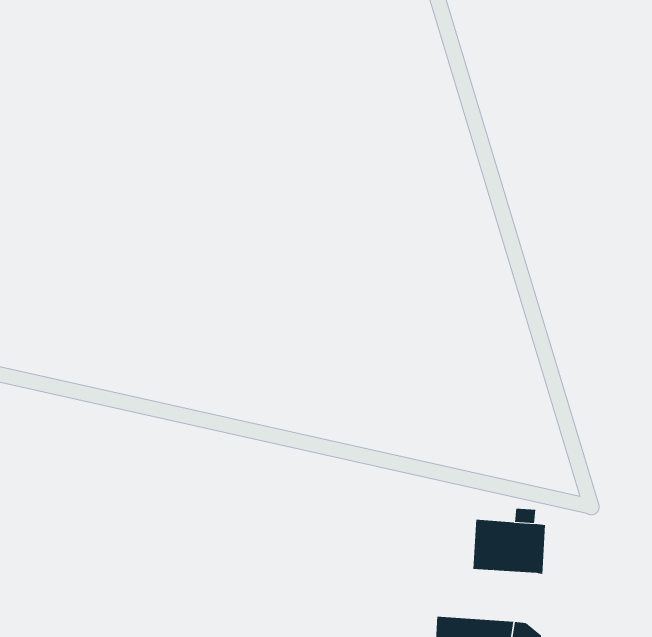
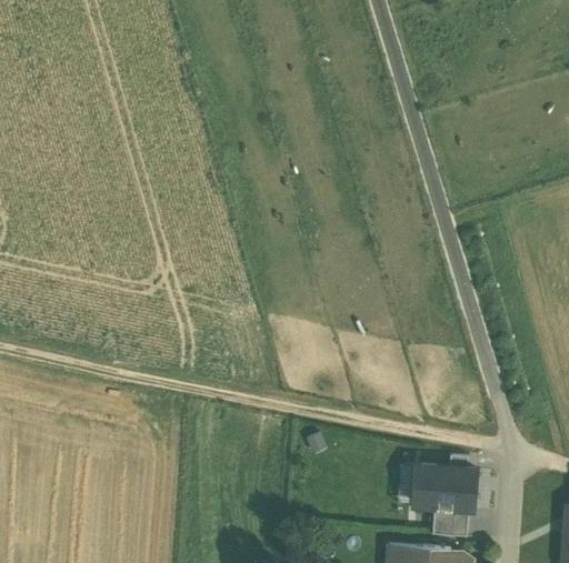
building: none -> [430,507,467,537]

